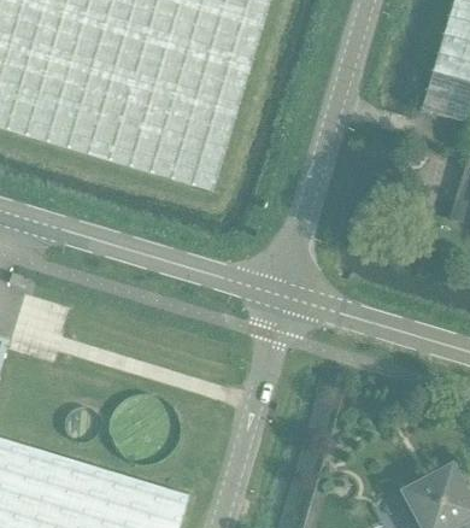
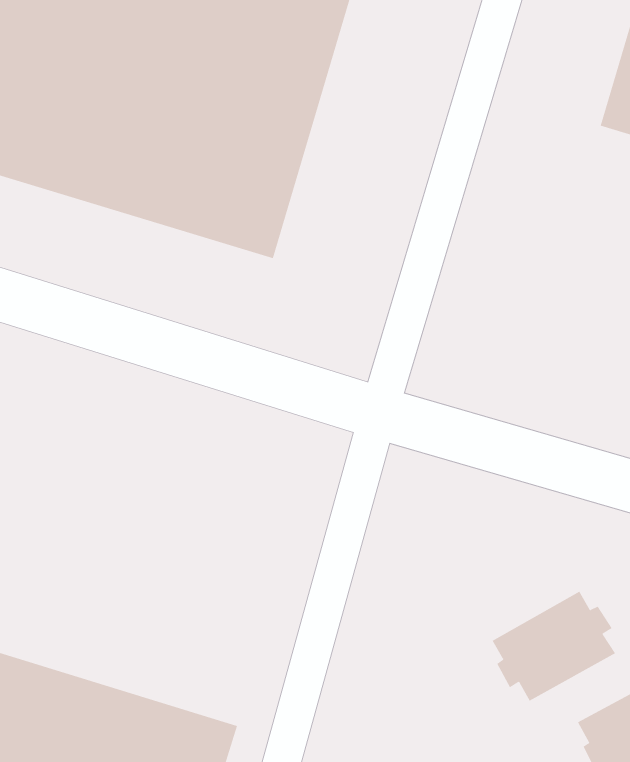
building: none -> [492,591,616,701]

